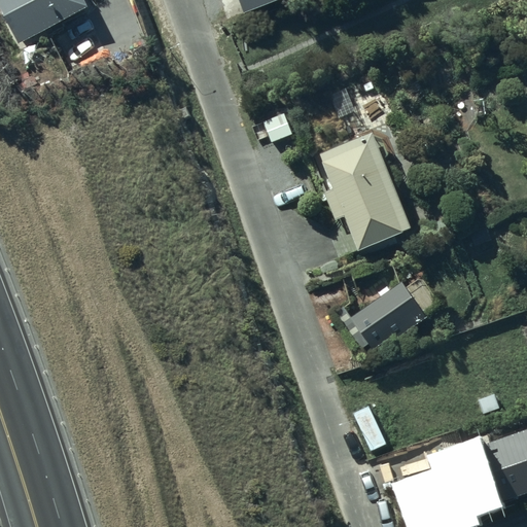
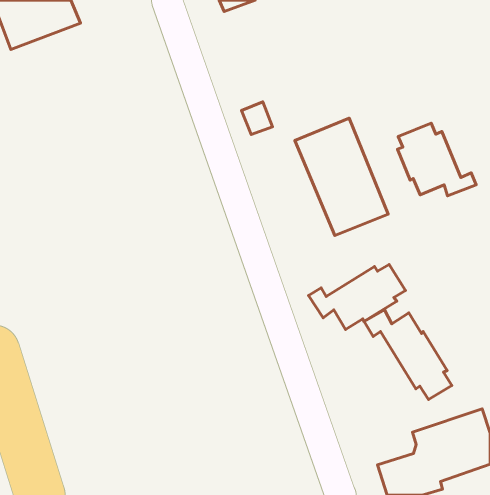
building: none -> [398,123,476,196]
building: none -> [364,310,452,400]

